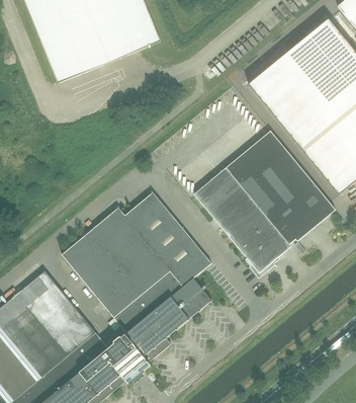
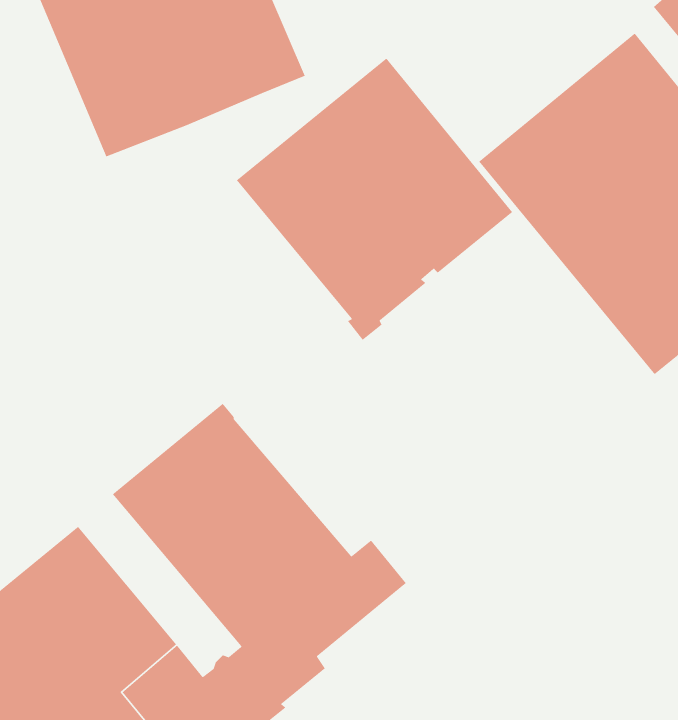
building: [194,130,336,274] -> [236,58,513,341]
building: [124,191,212,286] -> none

